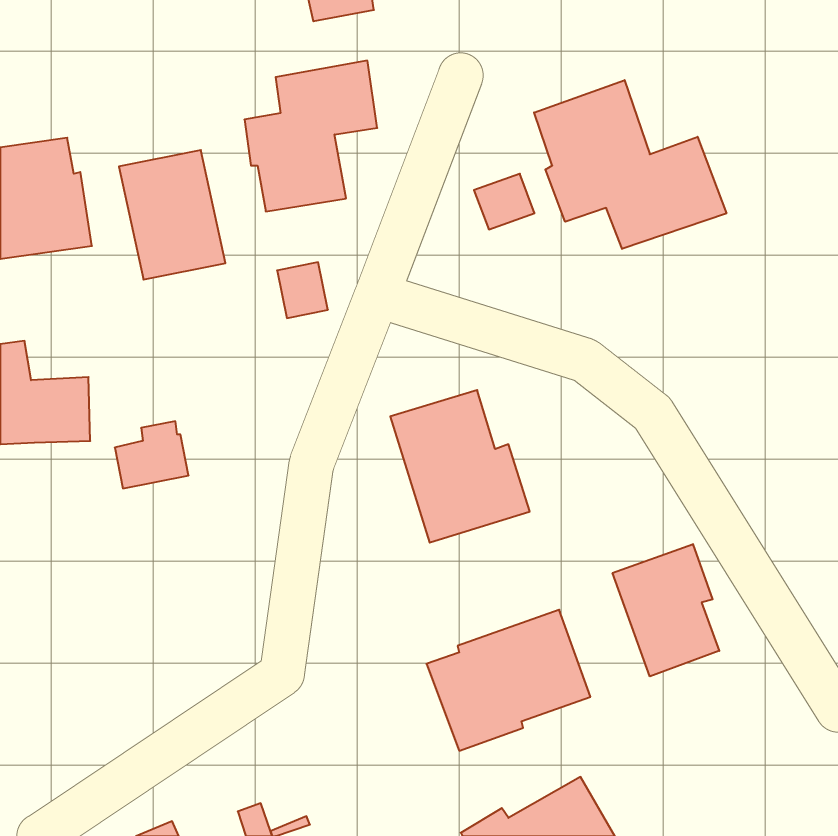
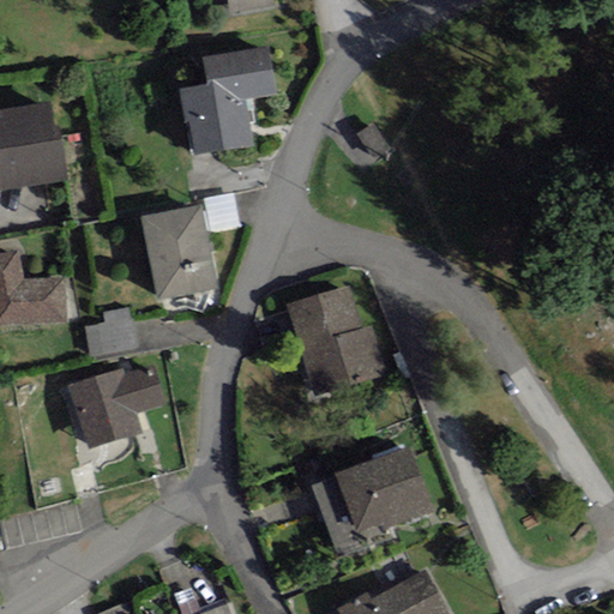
building: [534,80,726,249] -> none
building: [119,150,225,280] -> [140,204,218,299]
building: none -> [67,365,165,449]
building: [613,544,719,676] -> none

